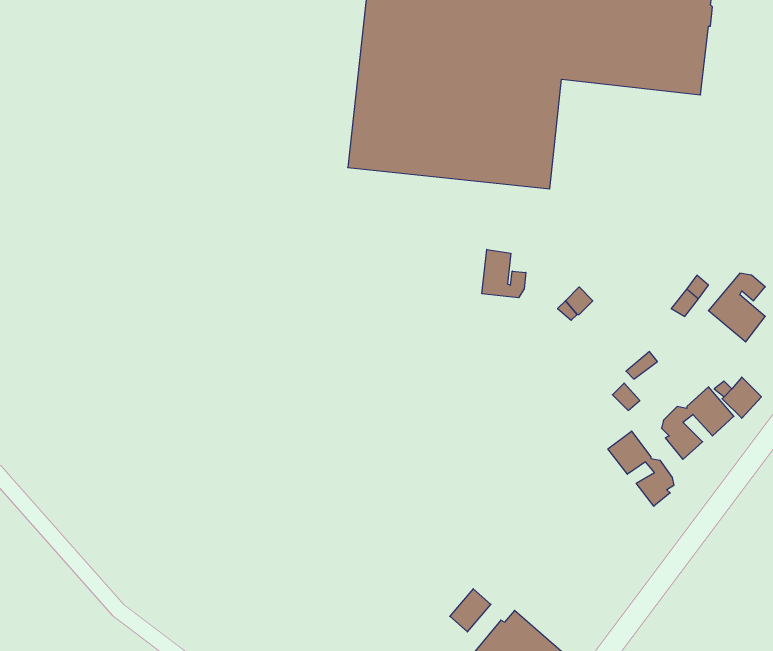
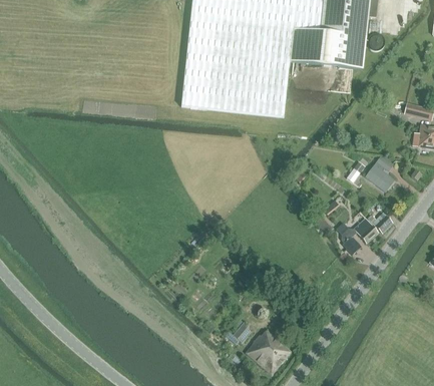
building: [482,249,526,298] -> none
building: [608,431,674,506] -> none

